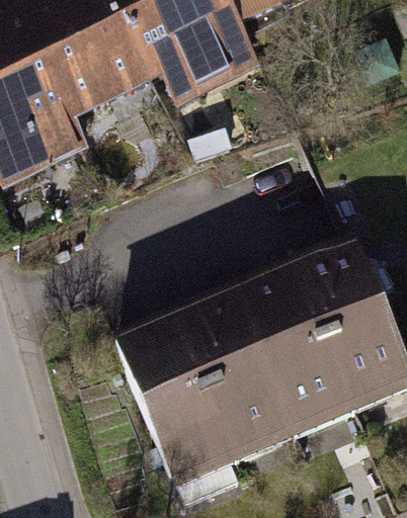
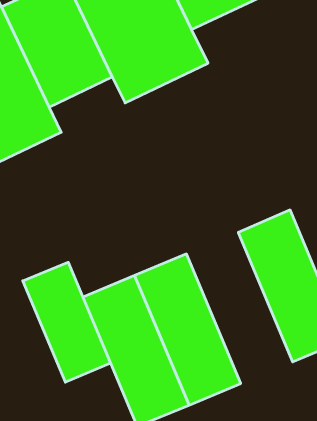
building: [237,276,361,453] -> none
building: none -> [23,262,110,382]

